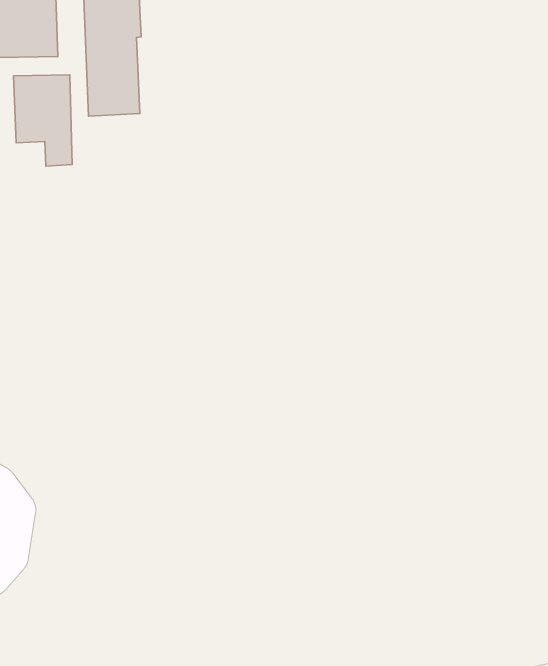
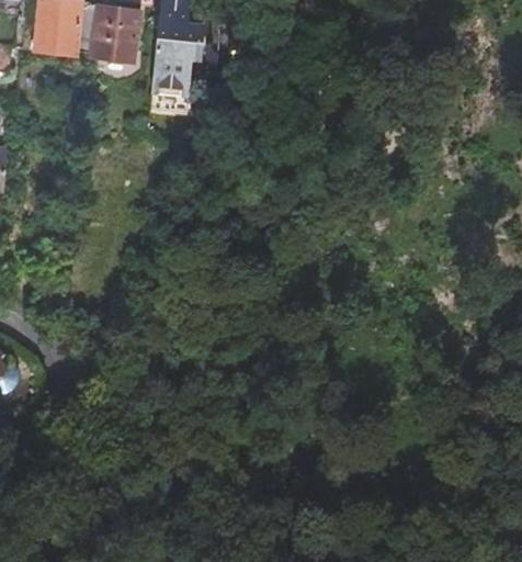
building: [14,75,72,166] -> none

